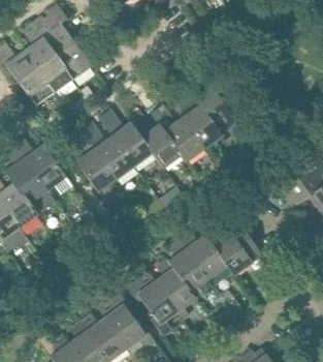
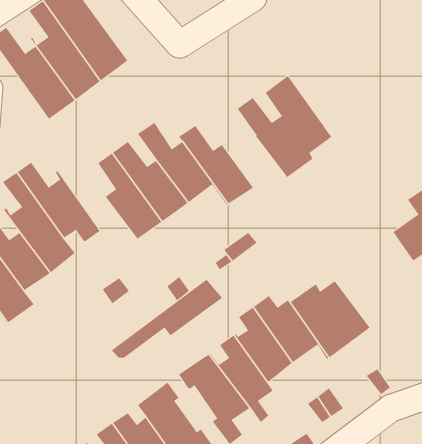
building: [151,105,203,162] -> none
building: none -> [111,279,223,358]

